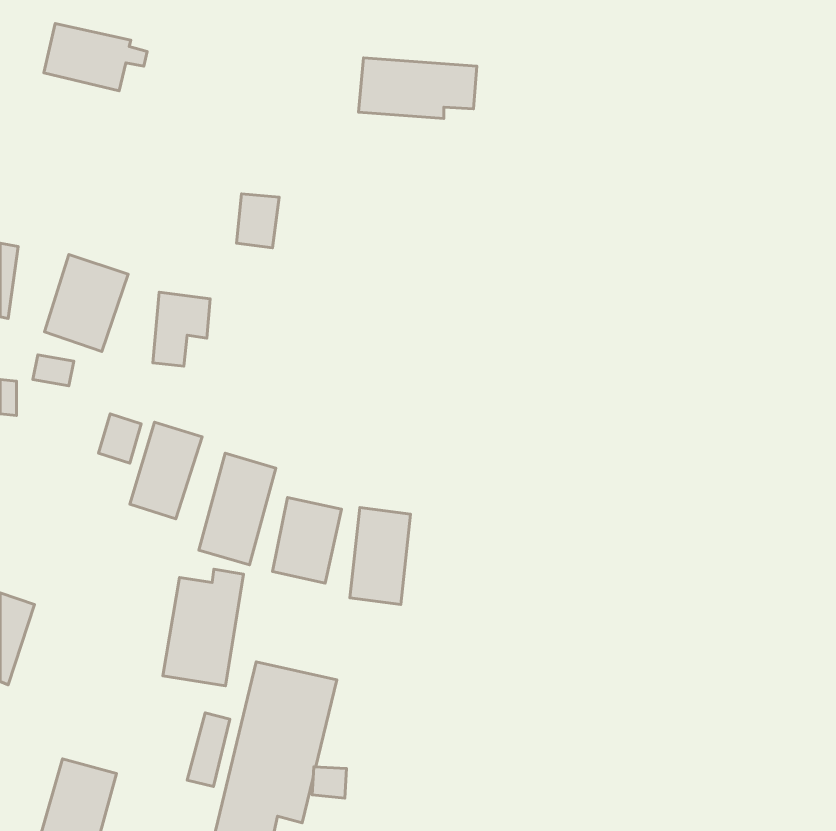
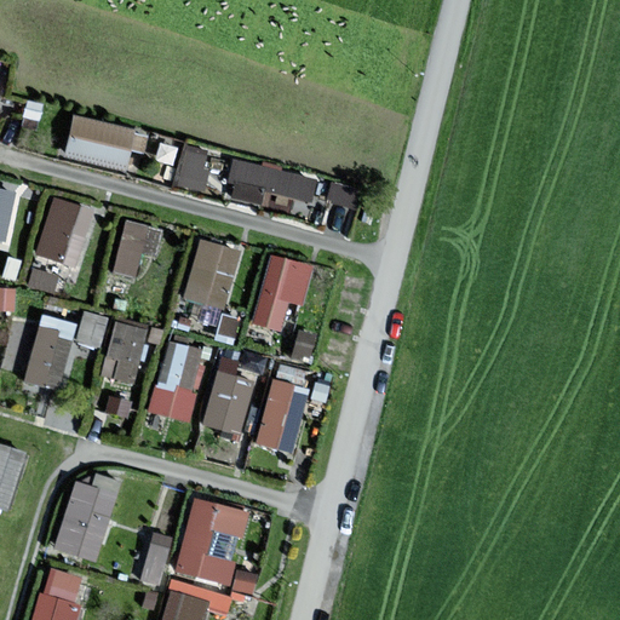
building: [44,24,147,91] -> [68,125,144,174]
building: [359,58,477,119] -> [230,165,317,209]
building: none -> [185,240,239,308]
building: none -> [251,253,315,332]
building: none -> [27,315,74,388]
building: [163,569,243,686] -> [58,473,117,559]

